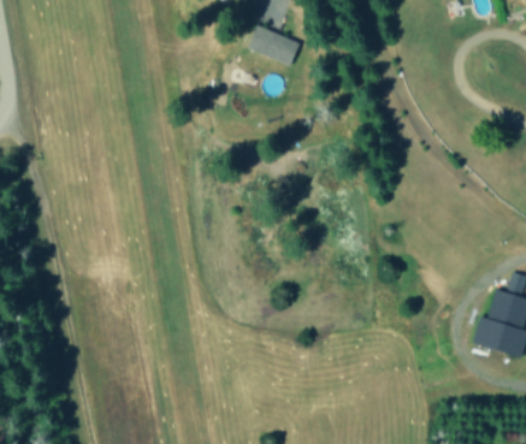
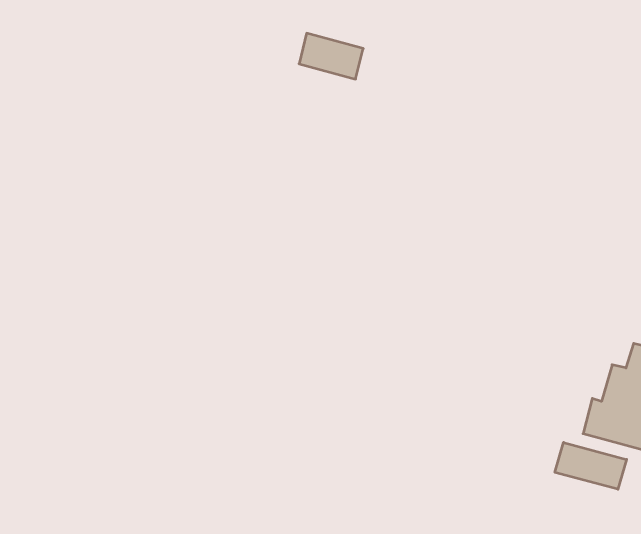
building: none -> [555,442,627,489]

